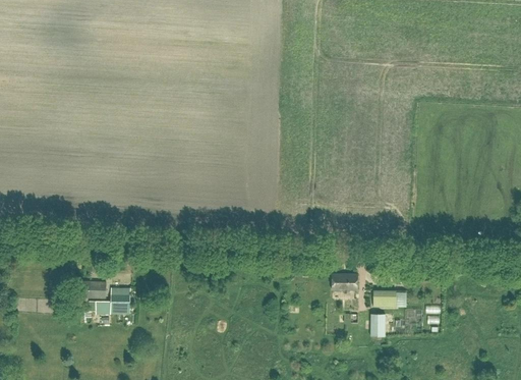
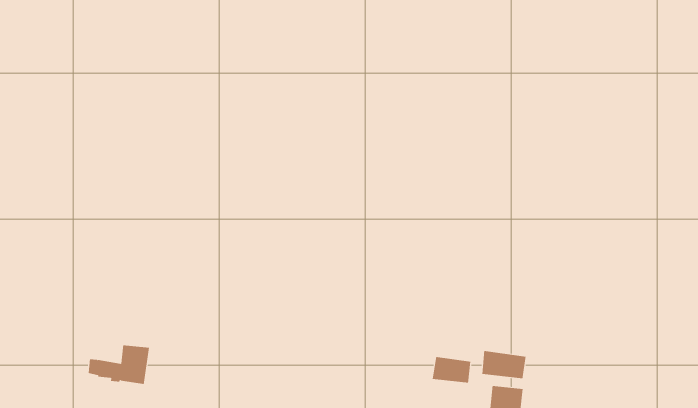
building: none -> [482,350,526,379]
building: [79,281,106,298] -> none

